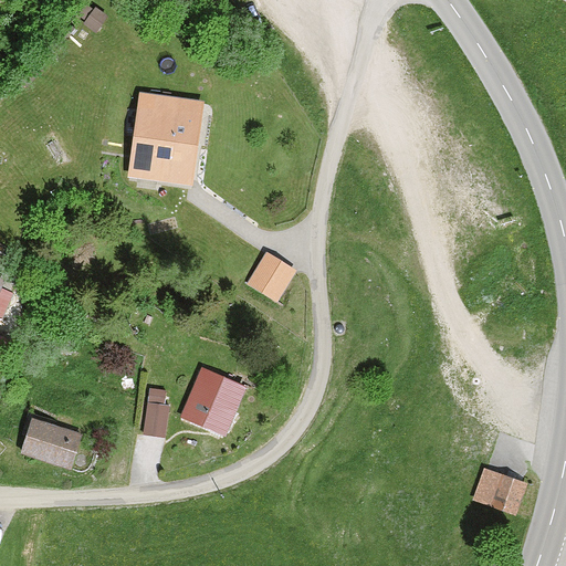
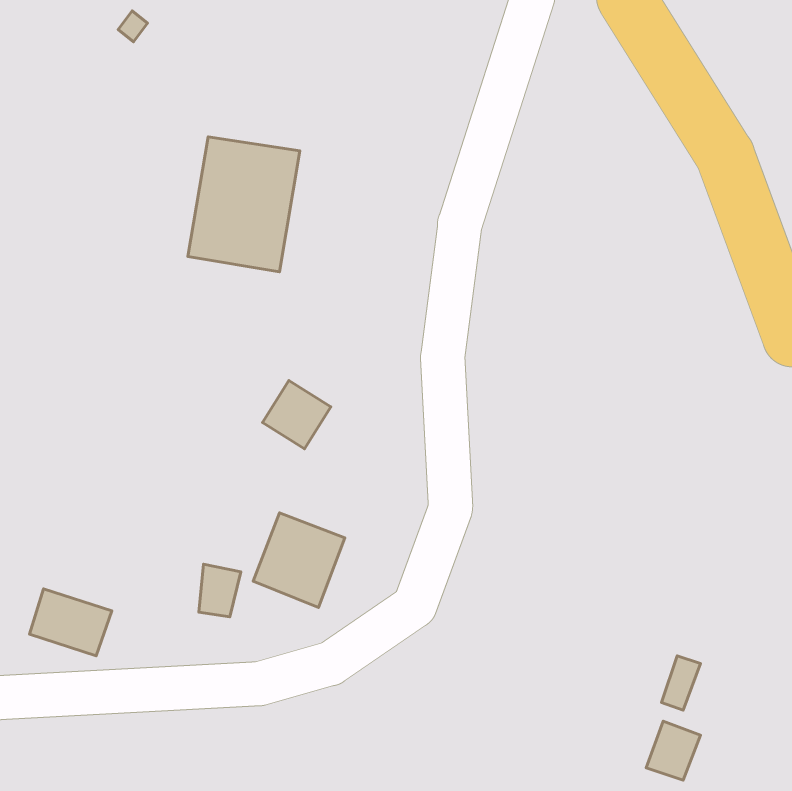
building: [241,247,290,295] -> [263,381,331,449]
building: [486,472,525,514] -> [646,721,700,780]

